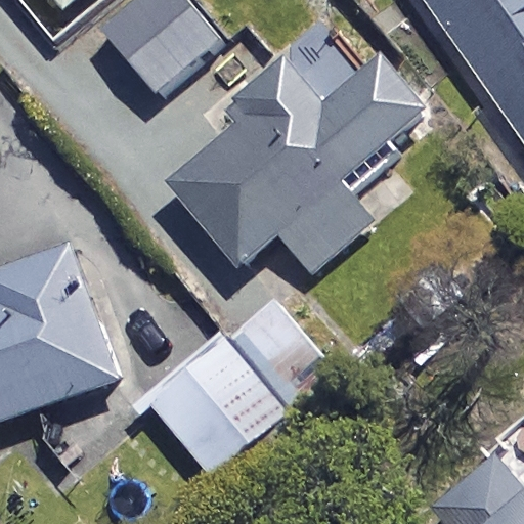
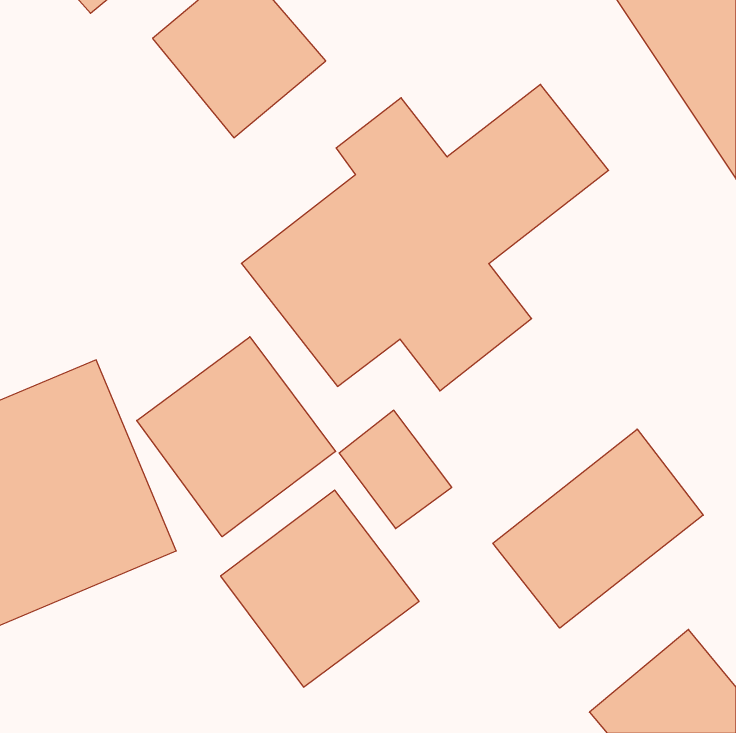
building: none -> [137,337,336,537]
building: none -> [493,429,703,628]

